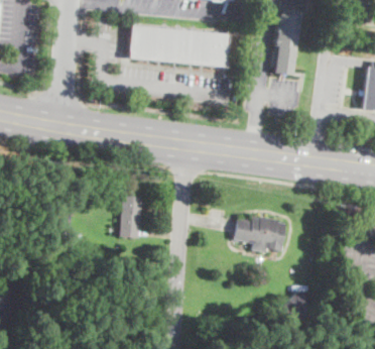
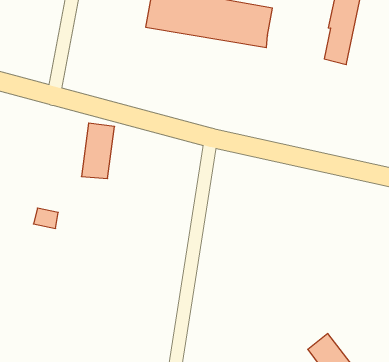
building: [120,195,143,238] -> [81,123,115,179]
building: [234,216,285,252] -> none

